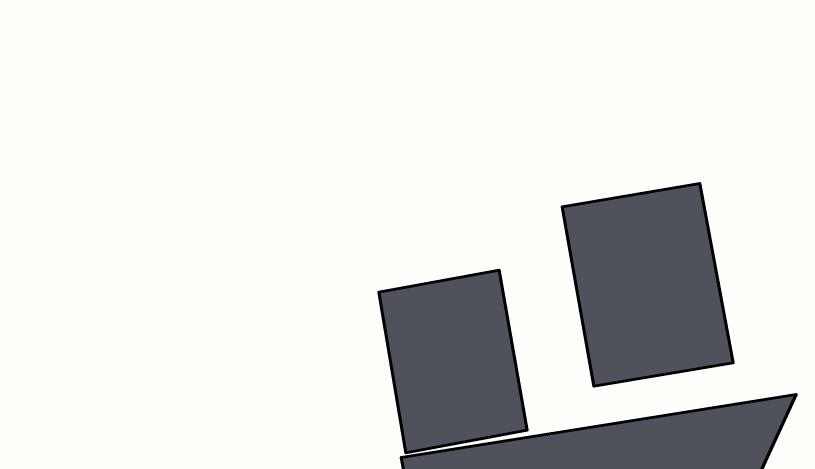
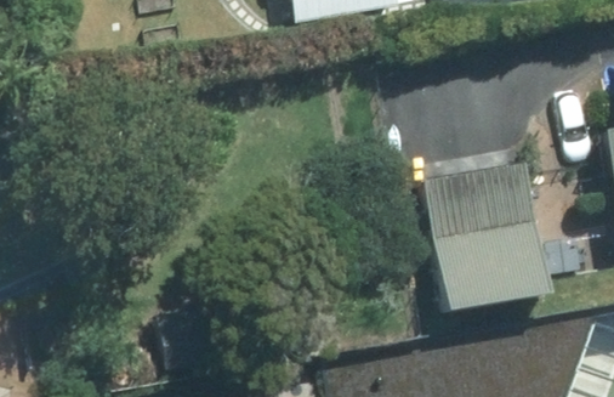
building: [379,270,527,453] -> none

